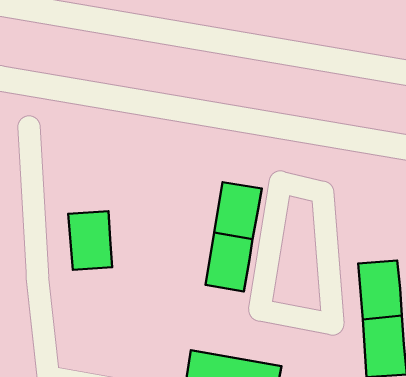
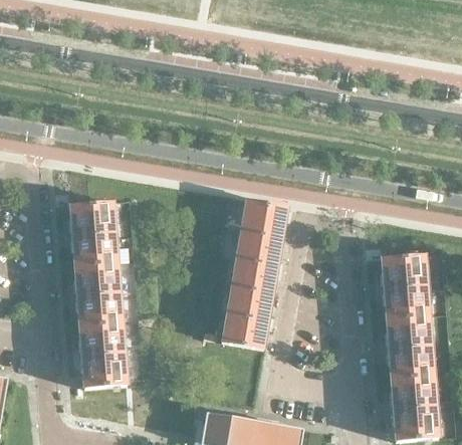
building: none -> [240,199,287,238]
building: none -> [70,201,118,265]
building: none -> [381,254,428,318]
building: none -> [79,322,127,388]

